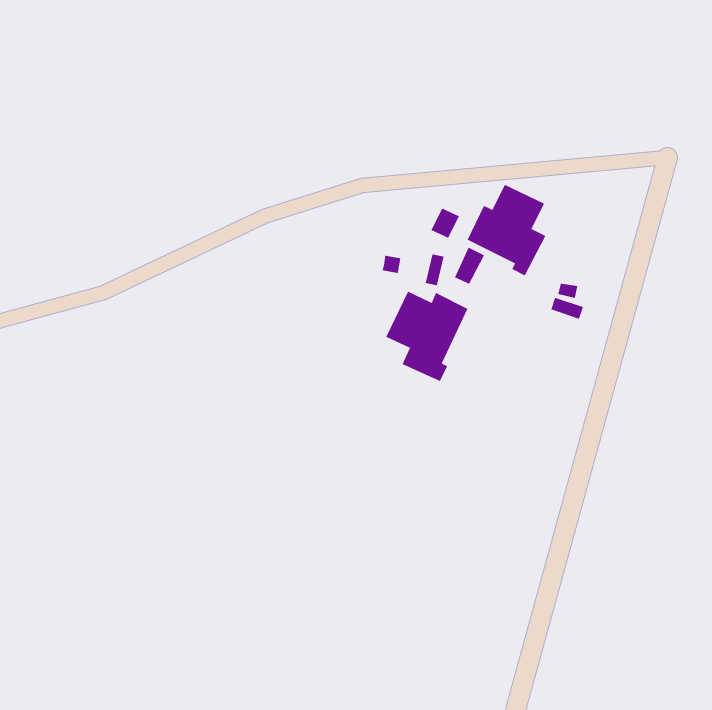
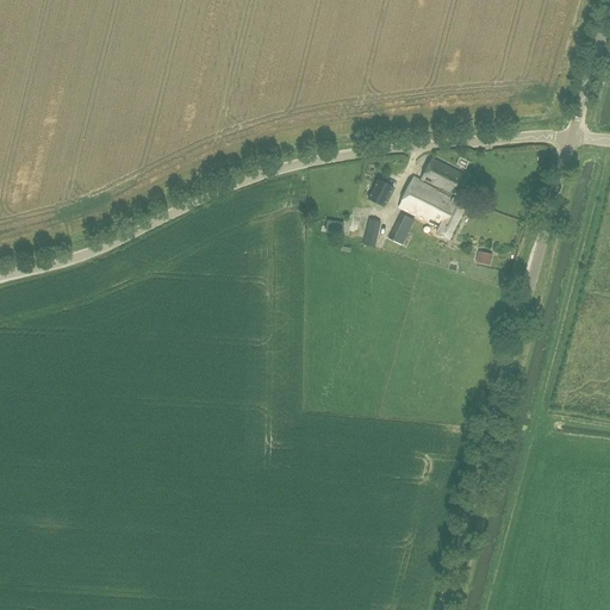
building: [386,291,468,382] -> none

